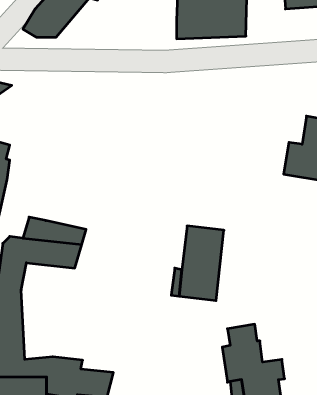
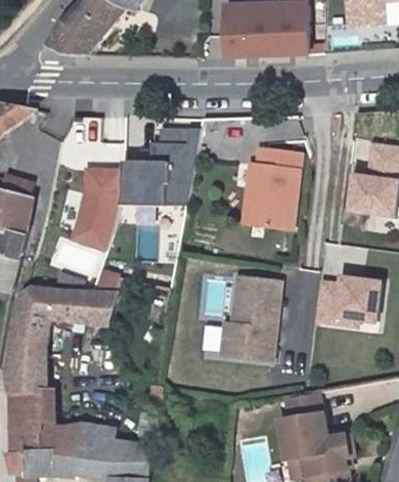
building: none -> [72,129,195,251]
building: none -> [243,146,301,228]
building: none -> [318,273,380,324]

